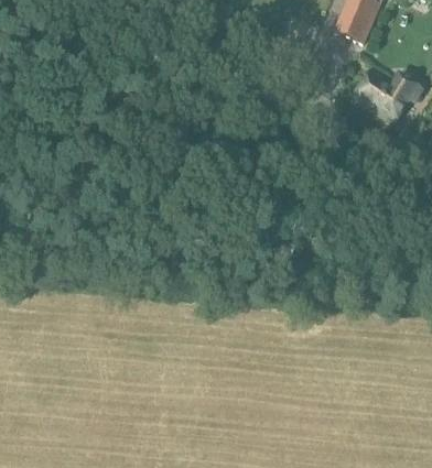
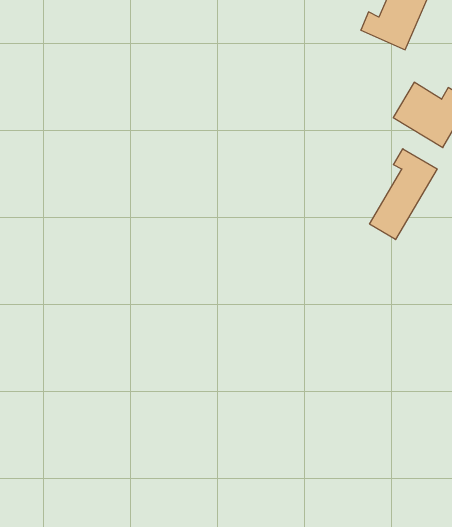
building: none -> [370,149,437,240]

